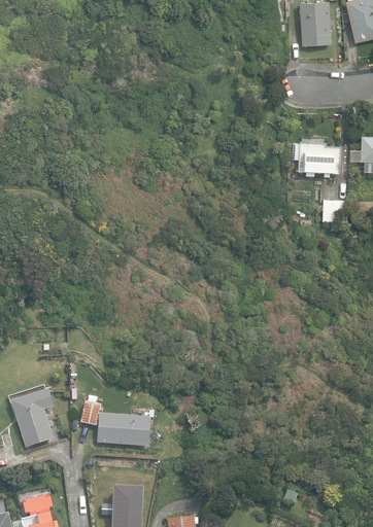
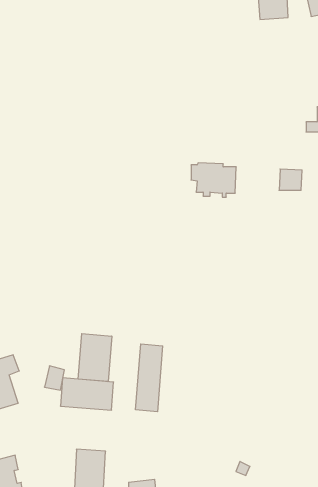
building: [293,141,339,176] -> [191,163,236,197]
building: none -> [78,334,112,382]
building: none -> [136,344,163,412]

